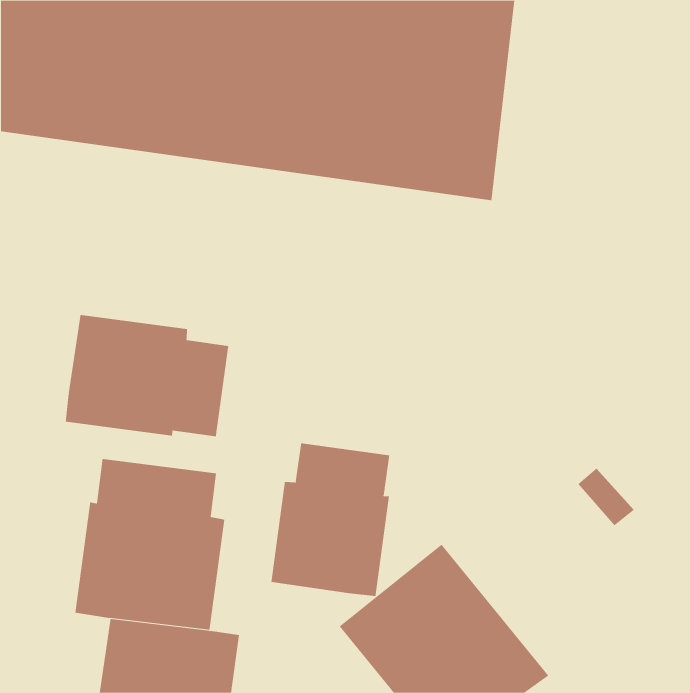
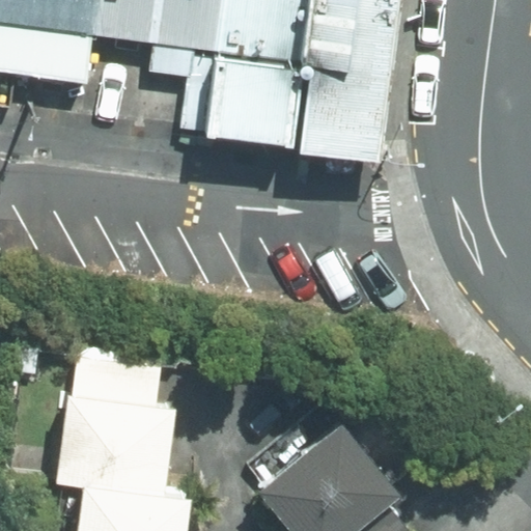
building: [65,314,229,437] -> none
building: [271,443,390,597] -> none

